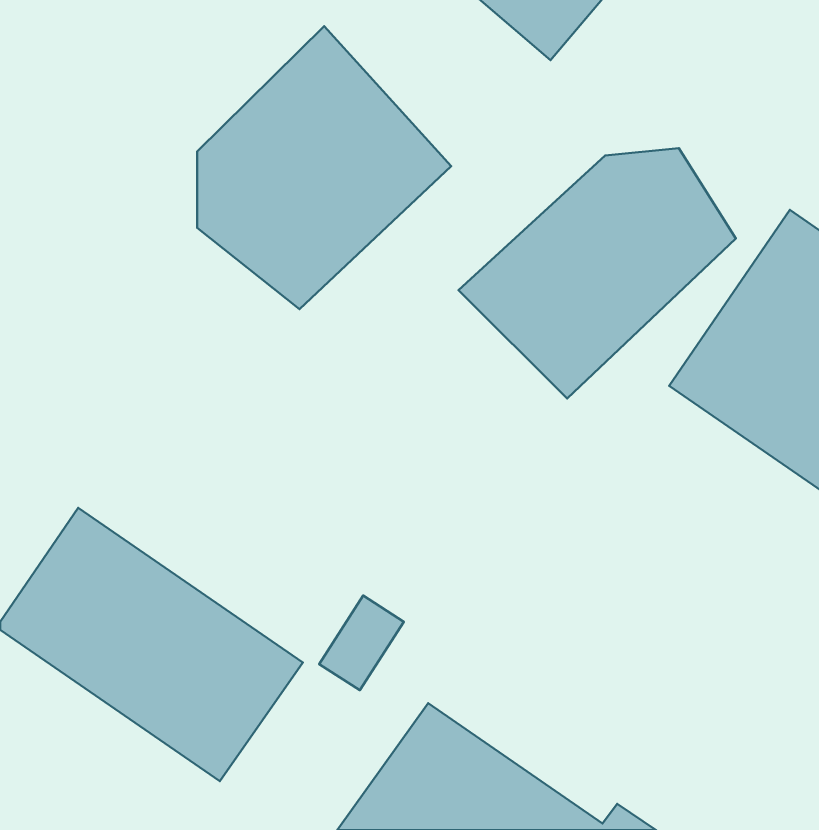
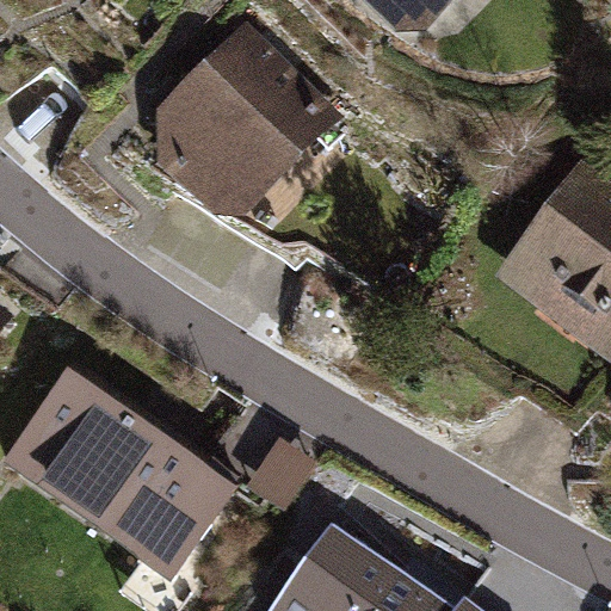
building: [459,148,736,398] -> none

